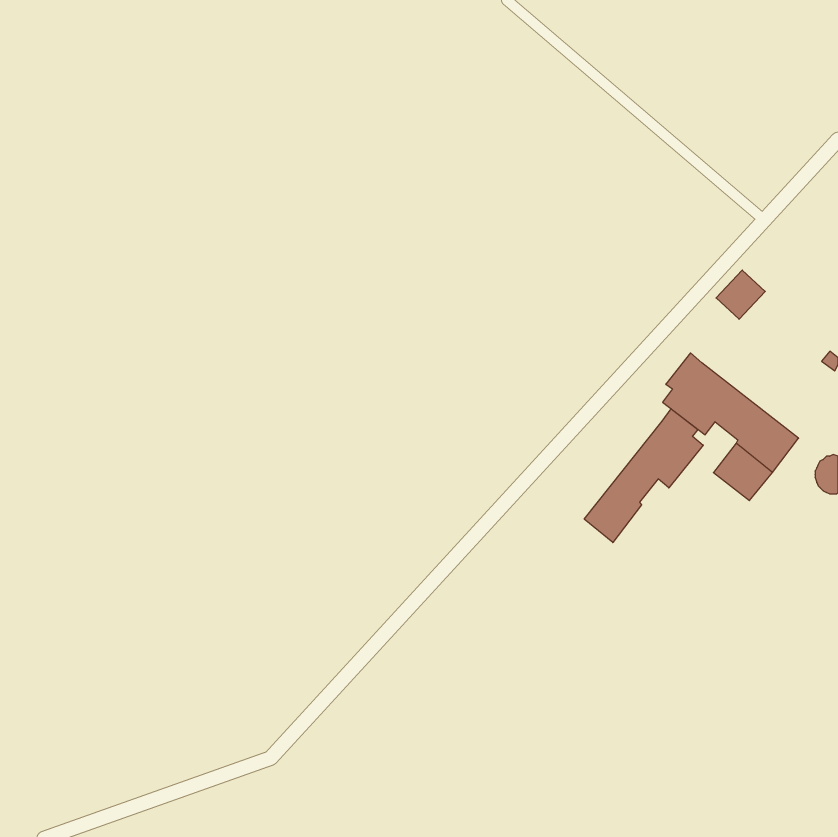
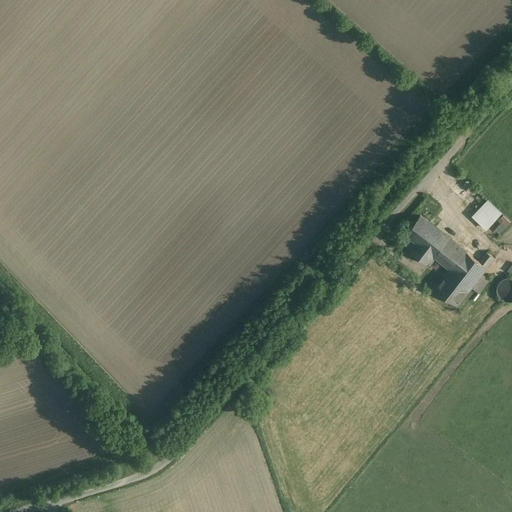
building: [716,270,765,319] -> [472,200,502,230]
building: [584,409,703,543] -> none

